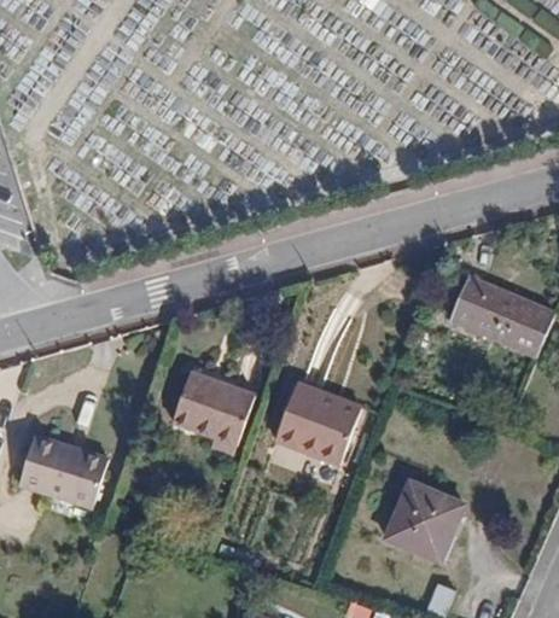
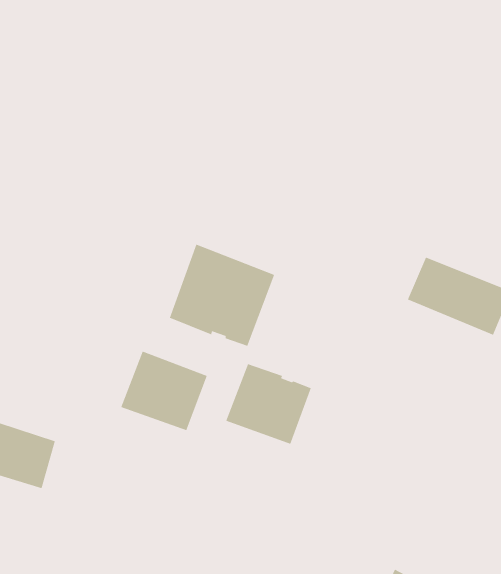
building: none -> [169,244,275,347]
building: [384,479,461,561] -> none

